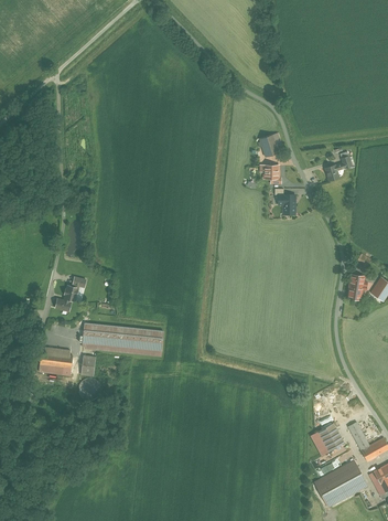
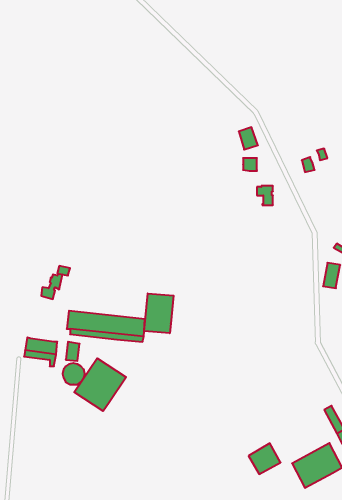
building: none -> [144,293,174,333]
building: none -> [74,358,126,411]
building: [310,422,343,454] -> [249,443,281,474]

